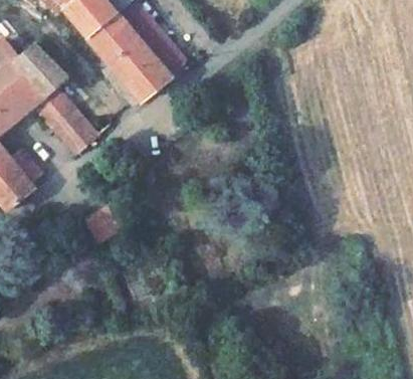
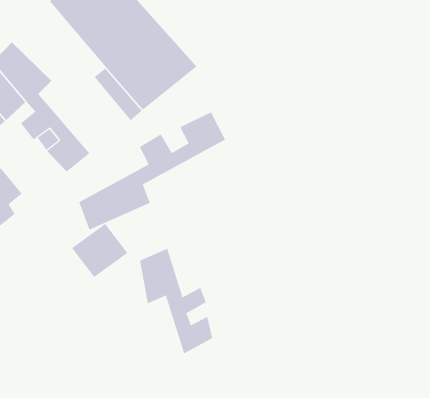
building: none -> [79,111,226,230]
building: none -> [139,248,213,354]

